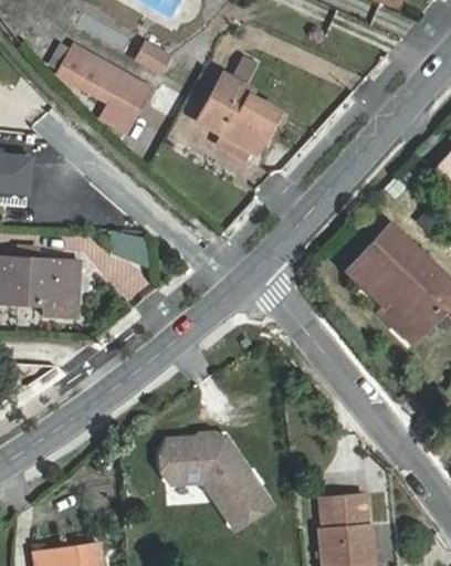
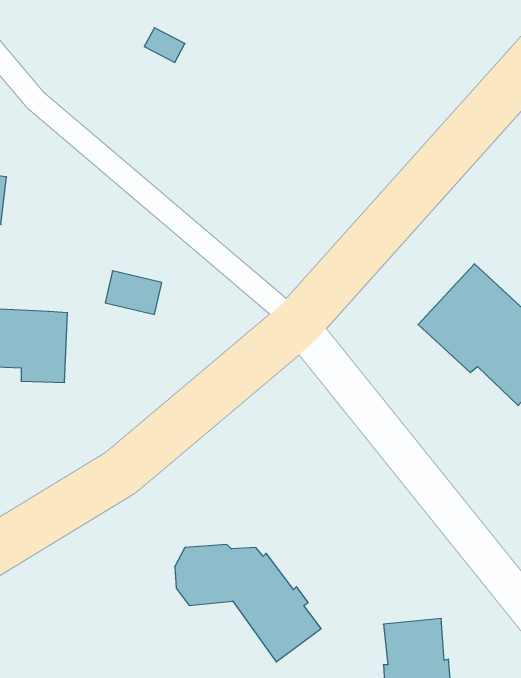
building: [57,45,149,125] -> none
building: [198,74,277,160] -> none

